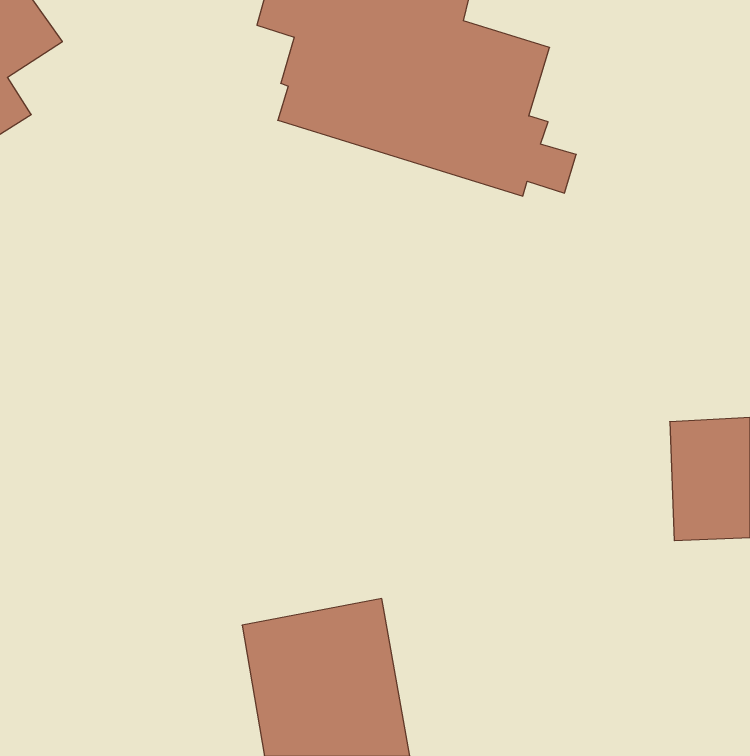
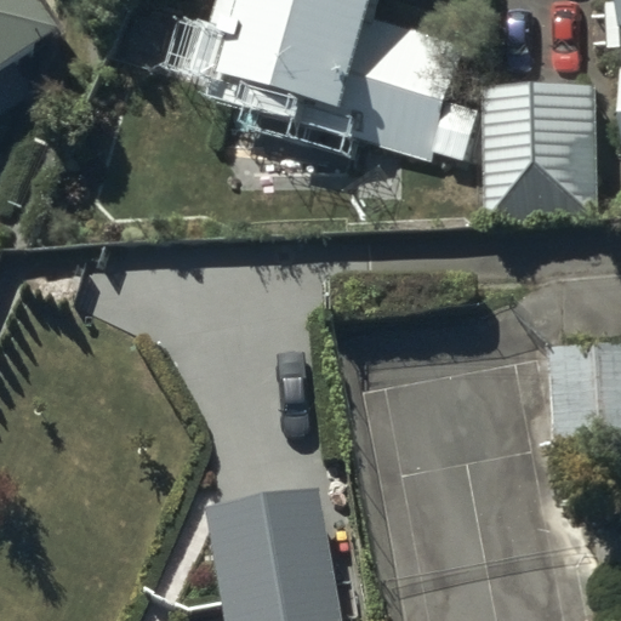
building: none -> [483,82,599,221]

